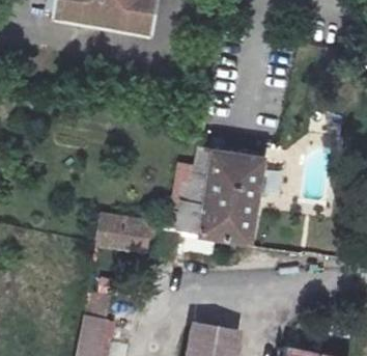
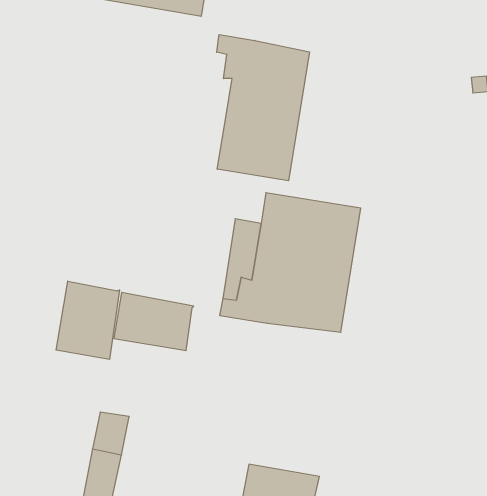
building: none -> [217,35,309,181]
building: none -> [56,281,120,359]

